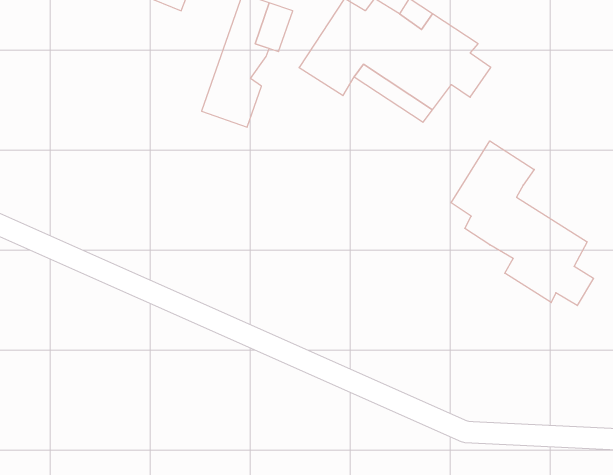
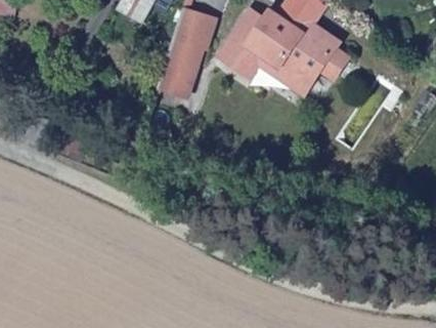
building: [451,141,594,306] -> none

